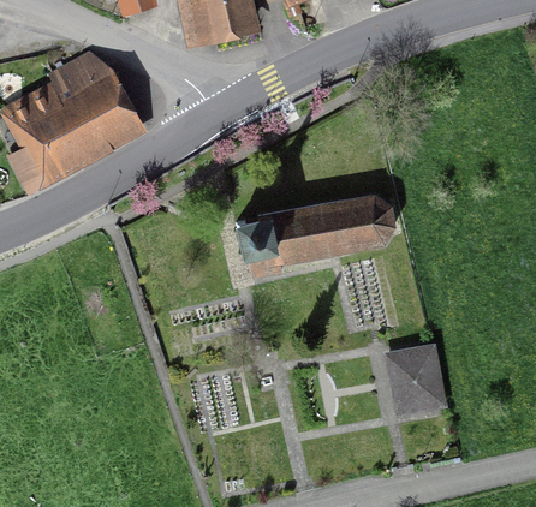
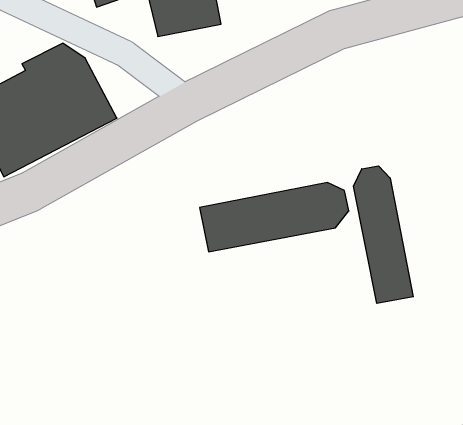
building: none -> [353,166,413,303]
building: [388,348,443,416] -> none

